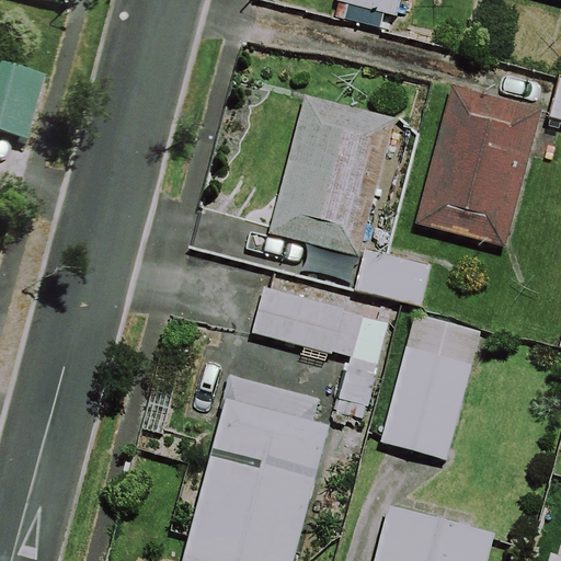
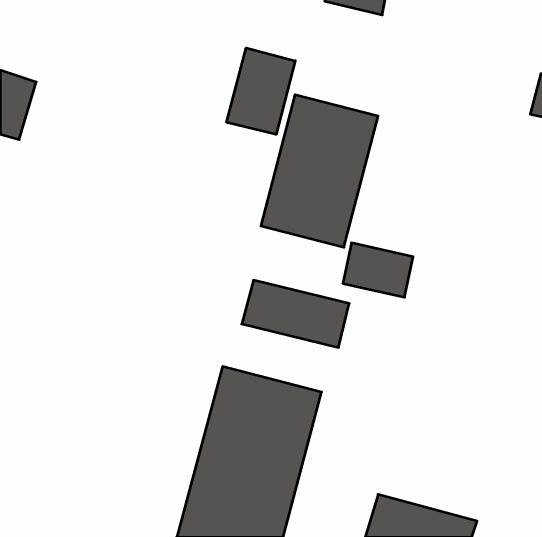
building: none -> [227,48,295,134]
building: [417,88,538,247] -> none
building: [381,316,479,459] -> none

